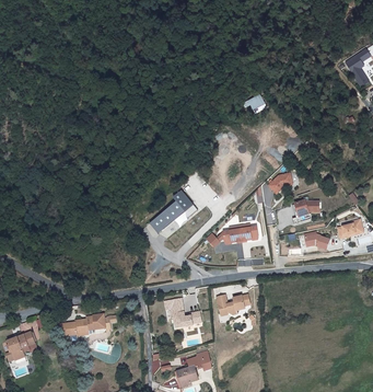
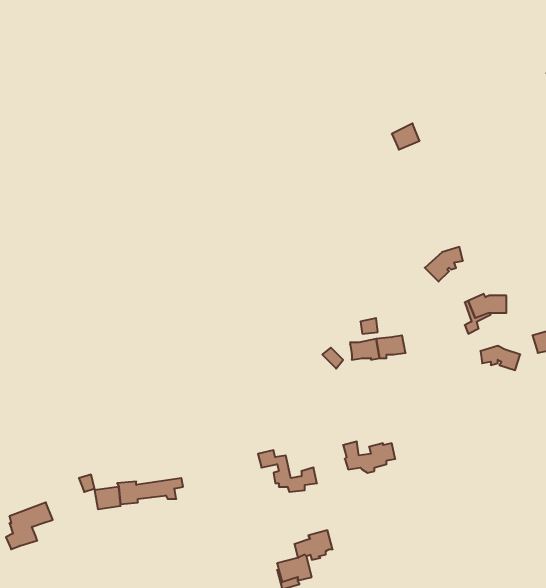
building: [150,189,198,232] -> none

